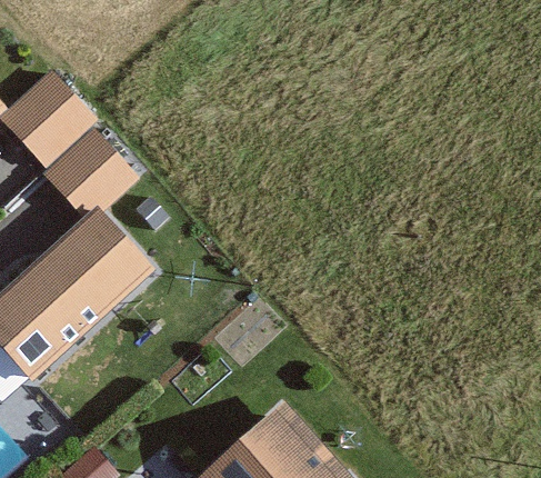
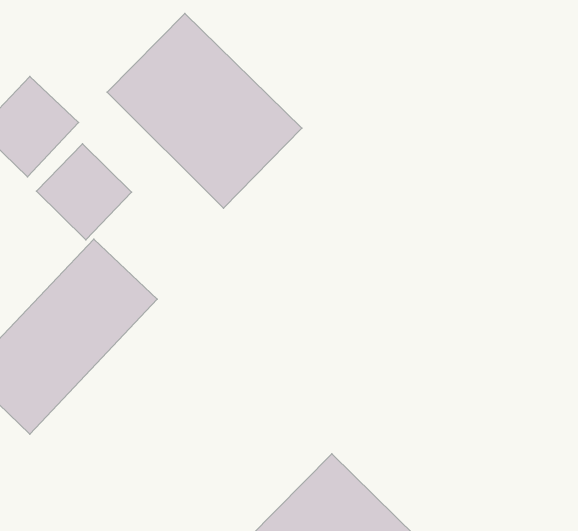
building: none -> [107,14,302,208]

